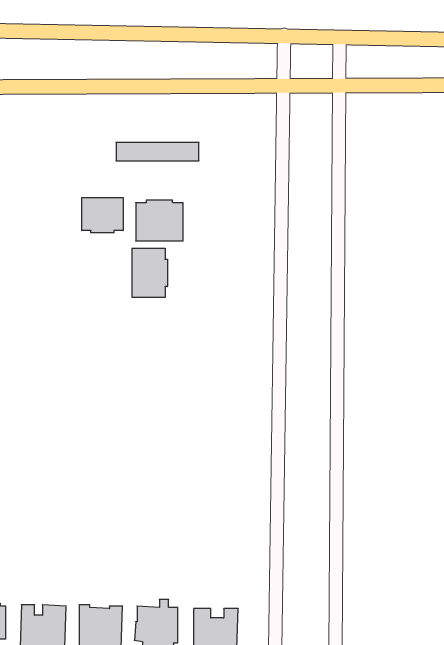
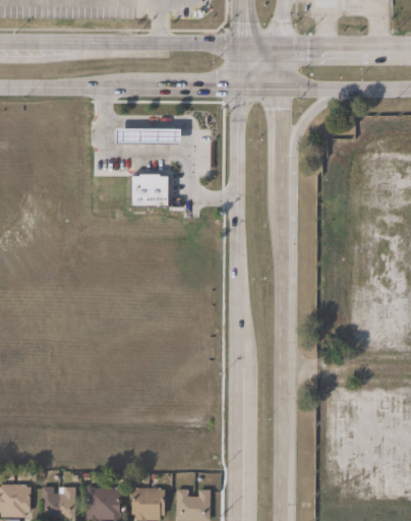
building: [82,198,123,233] -> none
building: [132,248,167,297] -> none

